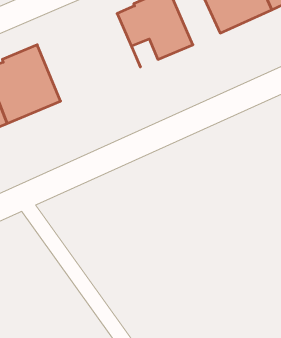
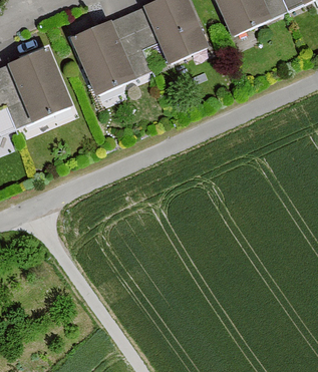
building: none -> [73,15,152,93]

